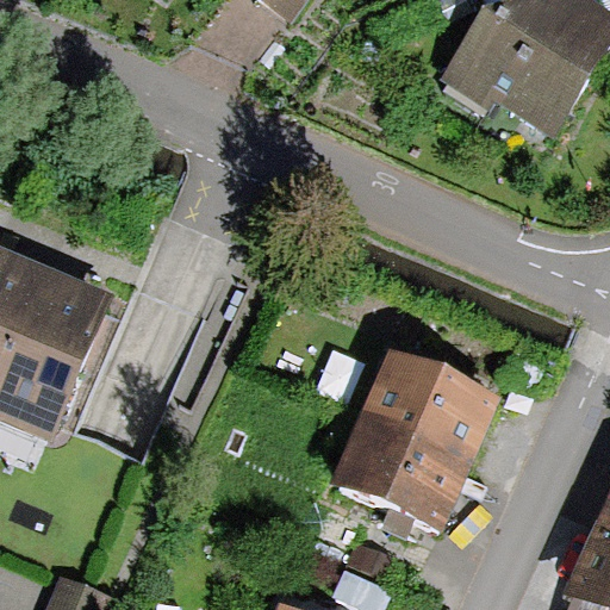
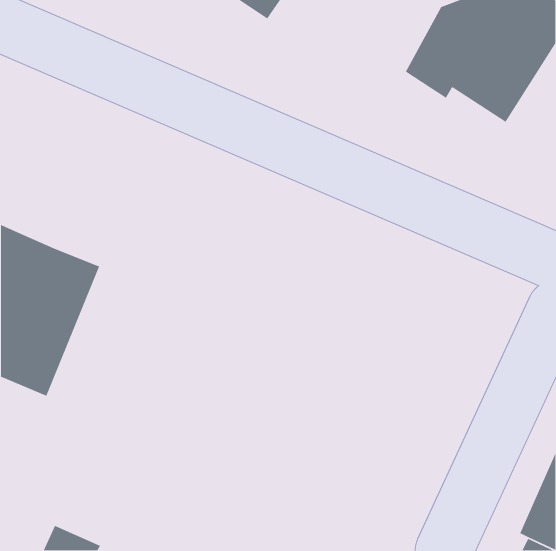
building: [334,353,496,529] -> none

